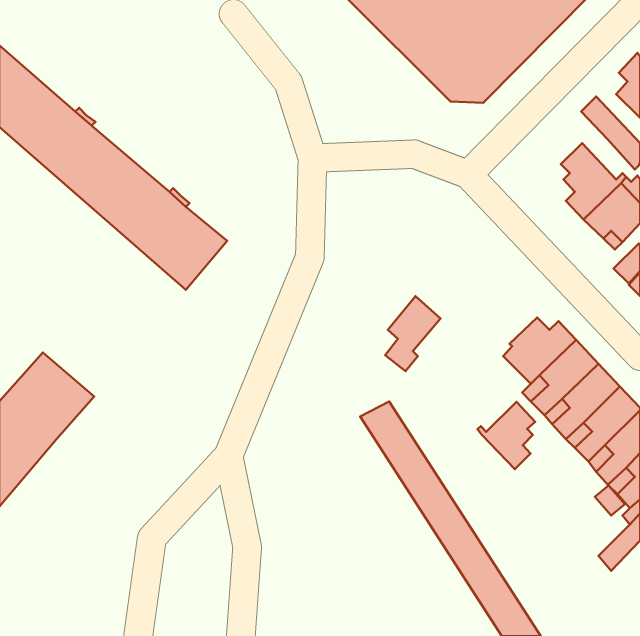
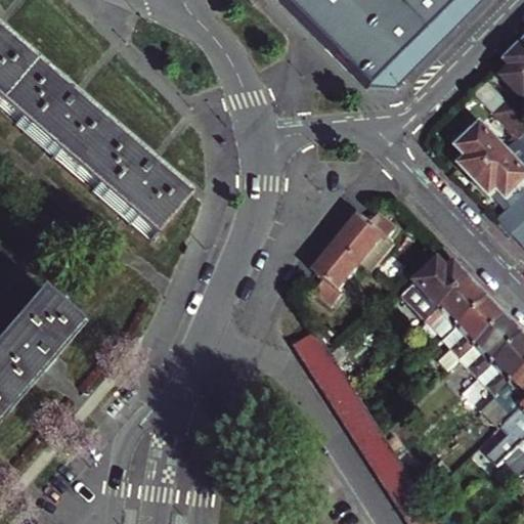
building: none -> [339,211,397,260]
building: [477,402,535,469] -> none

